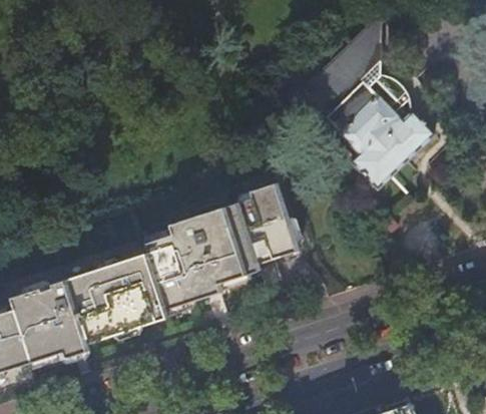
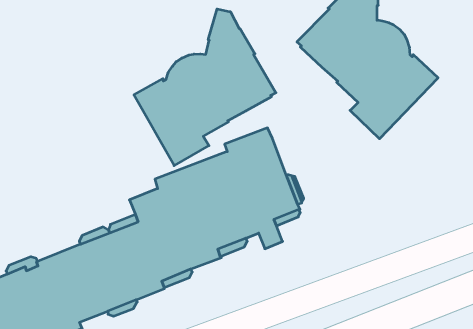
building: none -> [134,9,276,166]

